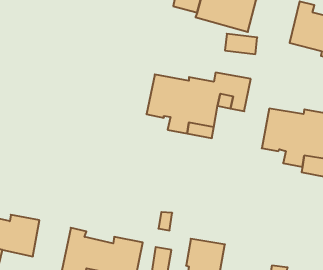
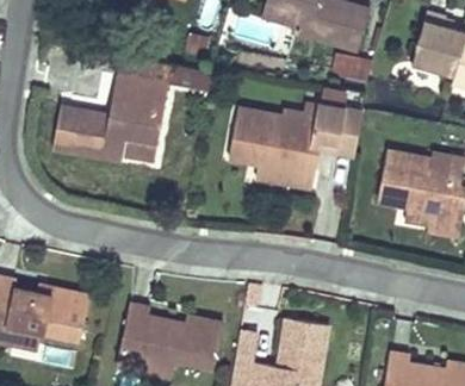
building: none -> [52,56,212,162]

